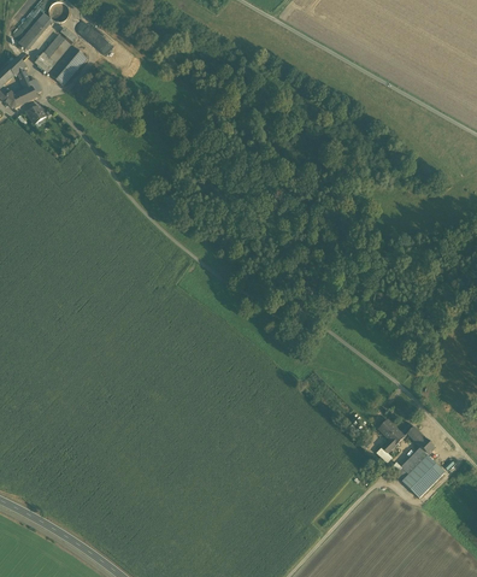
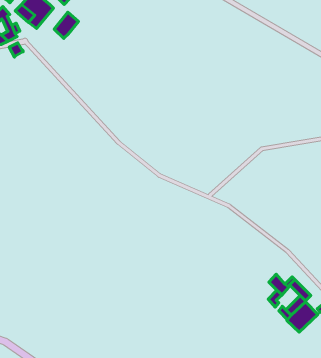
building: none -> [54,12,79,38]

